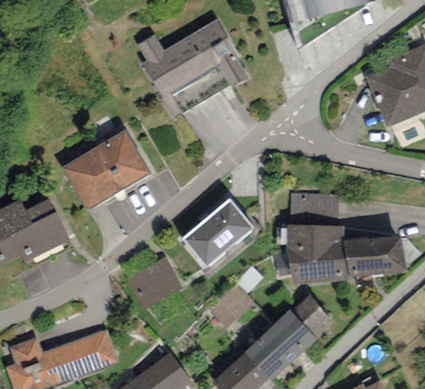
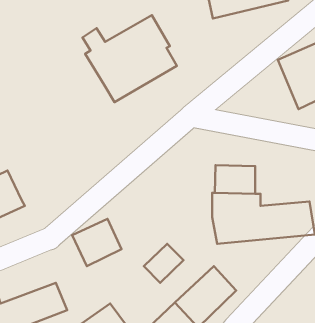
building: [61,128,151,209] -> none
building: [182,198,253,266] -> none
building: [289,292,334,337] -> none

